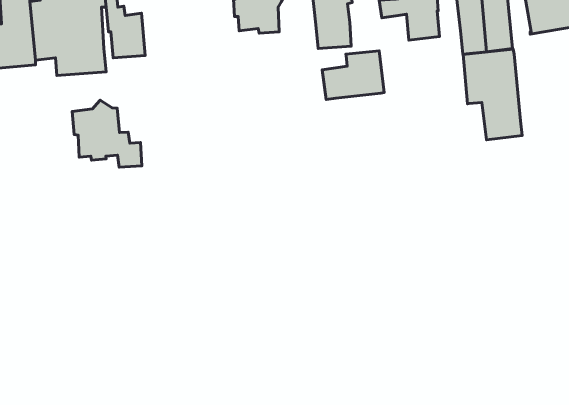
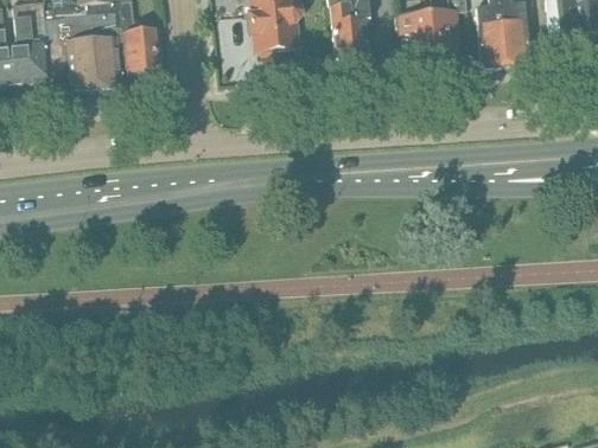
building: [463,49,522,140] -> none
building: [322,51,384,99] -> none
building: [72,100,142,167] -> none

